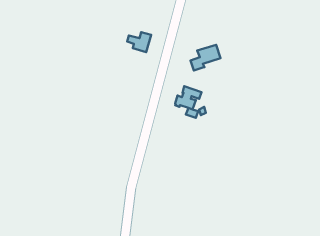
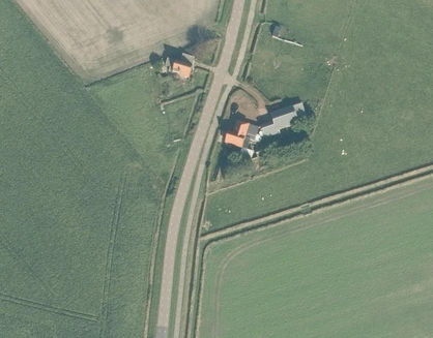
building: [191,45,220,71] -> [260,105,297,137]

